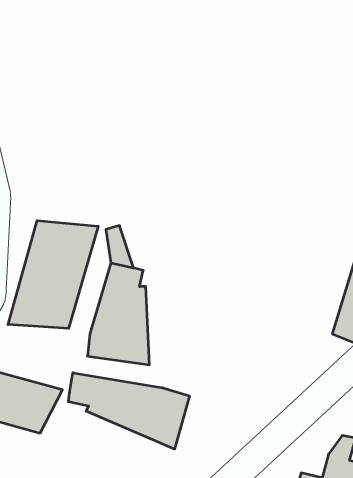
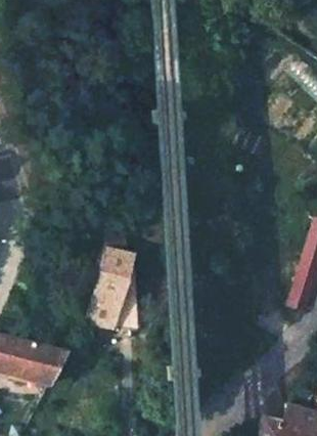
building: [8,221,98,328] -> none
building: [68,373,189,449] -> none

